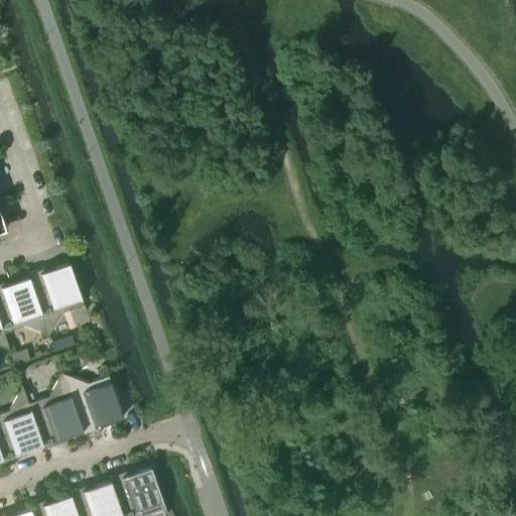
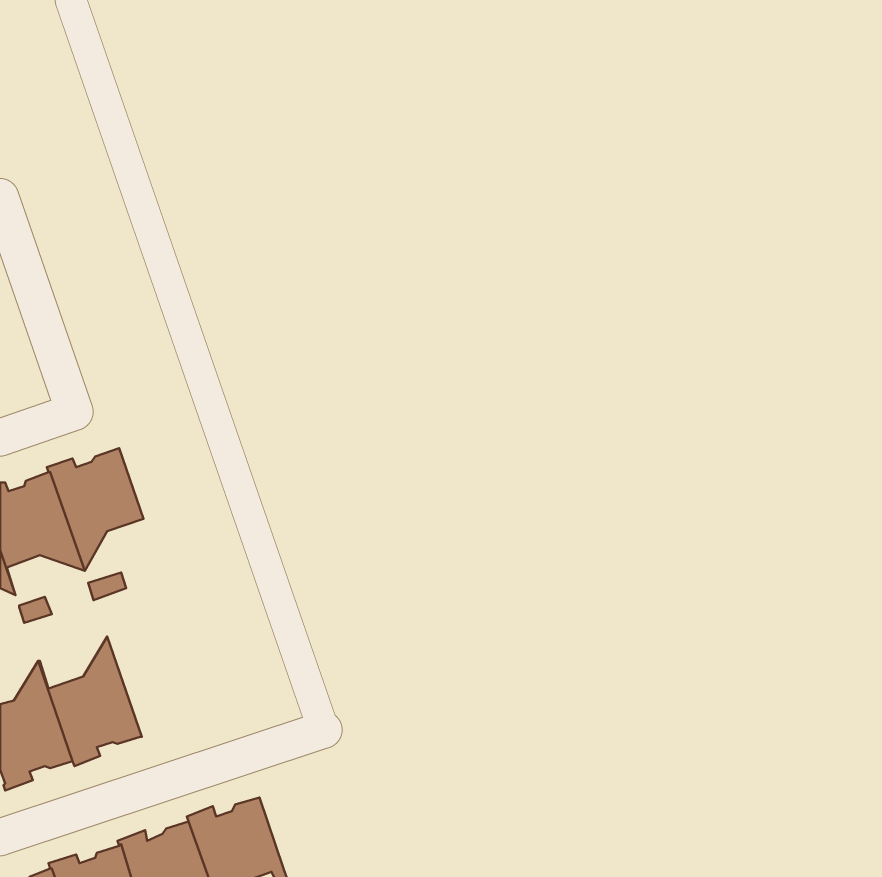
building: [63,375,124,436] -> none

